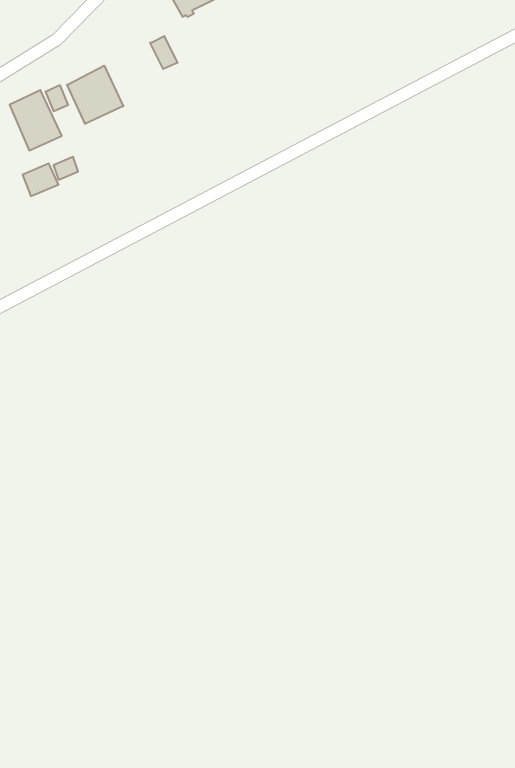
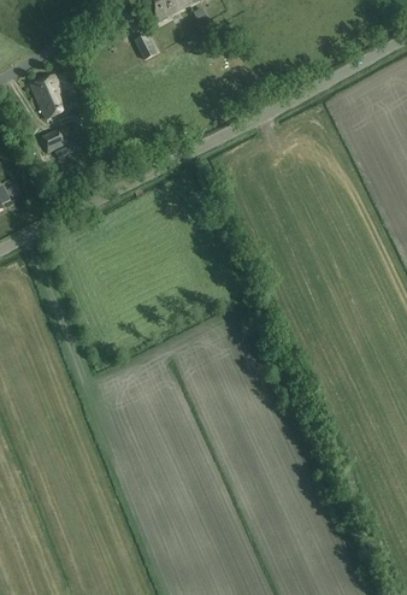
building: [67,66,123,124] -> none

